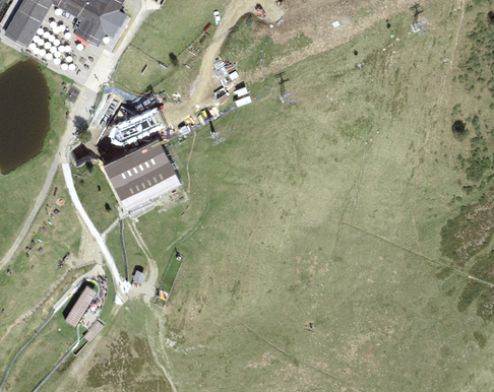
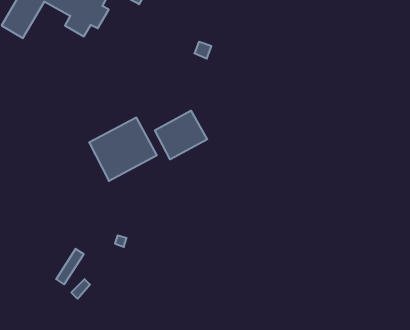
building: none -> [155,111,207,159]

